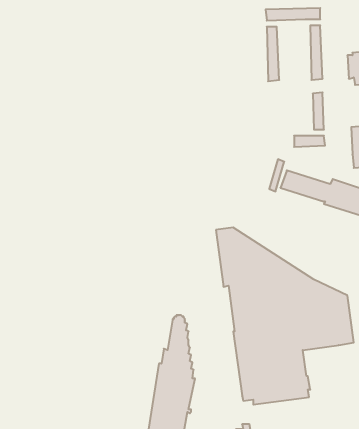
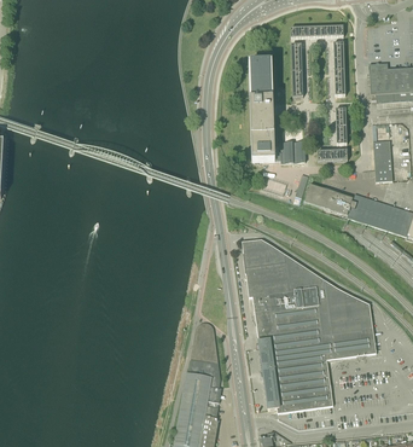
building: none -> [250,63,306,162]

